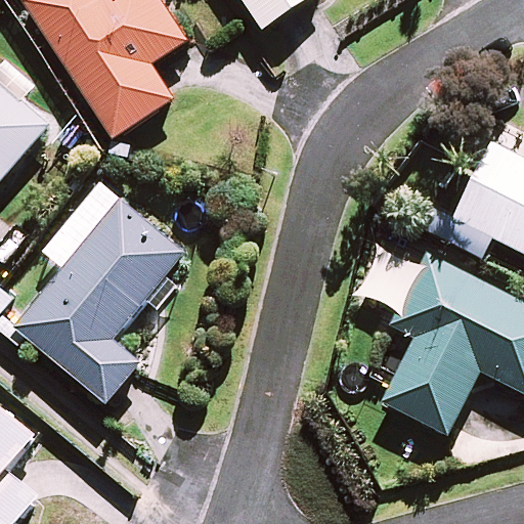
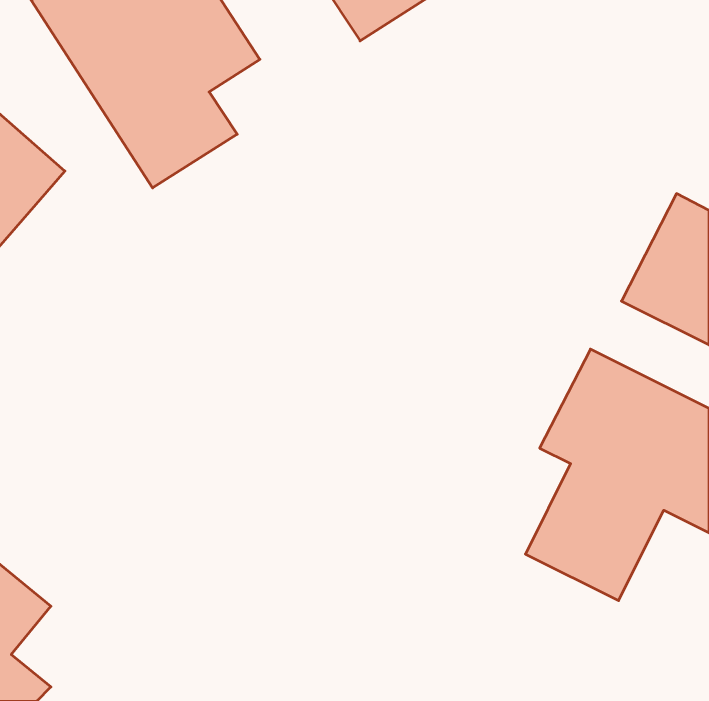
building: [15,200,186,402] -> none

